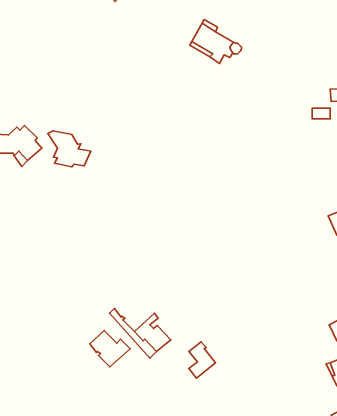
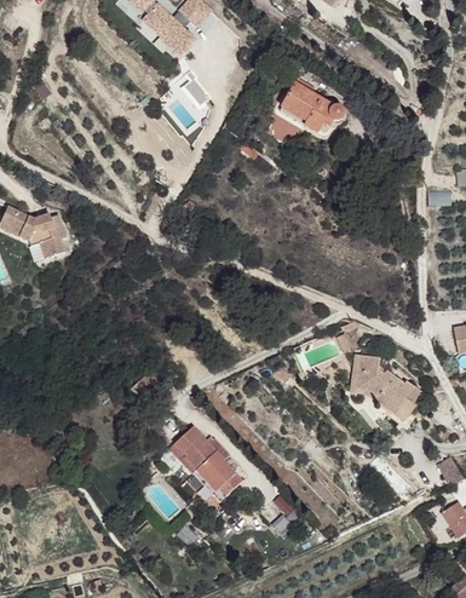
building: [48,131,91,167] -> none
building: none -> [359,358,428,432]
building: [90,331,130,367] -> [177,426,228,472]

